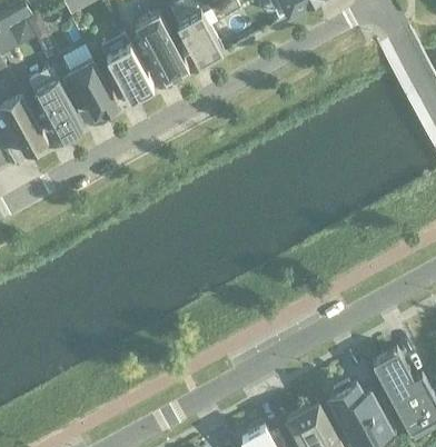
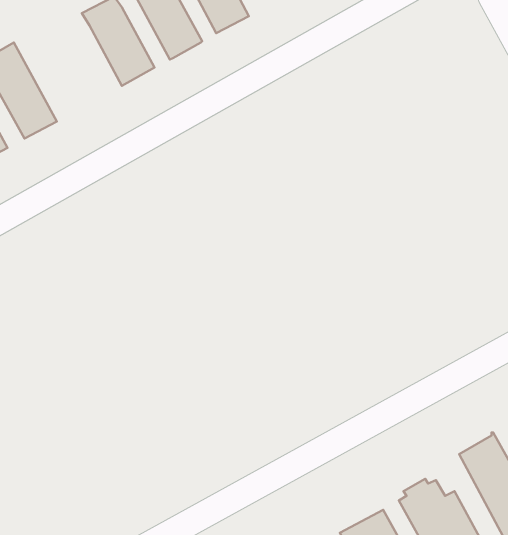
building: [60,47,118,119] -> none

